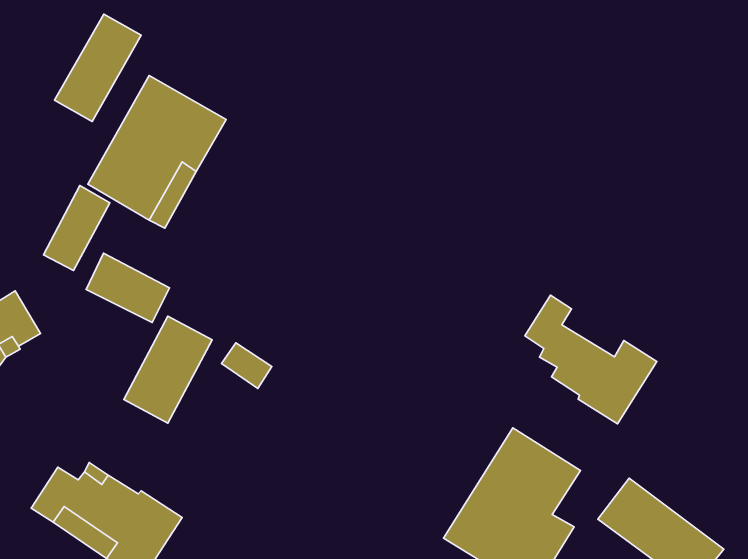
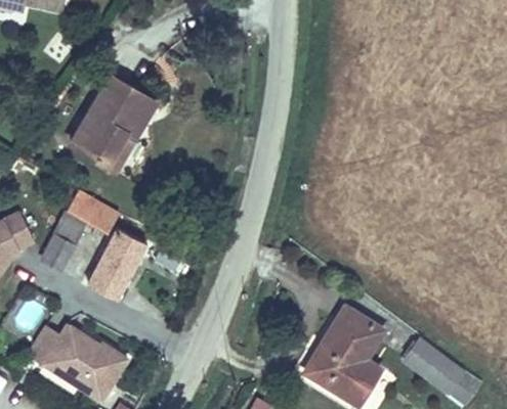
building: [55,14,141,121] -> none
building: [44,186,110,270] -> [44,214,87,269]
building: [525,295,657,424] -> none

